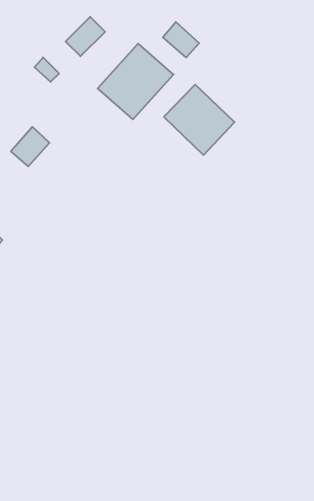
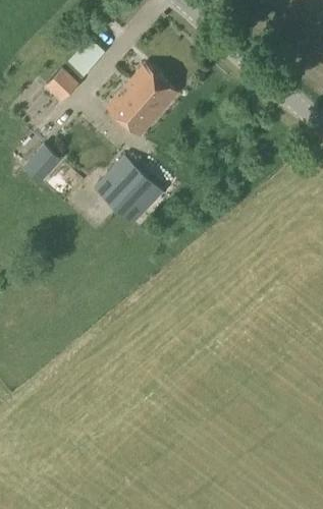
building: [163,22,199,57] -> none
building: [164,85,235,155] -> [95,156,162,223]

